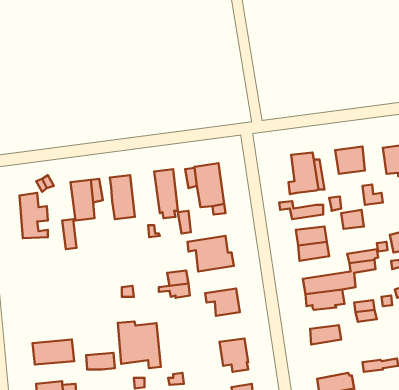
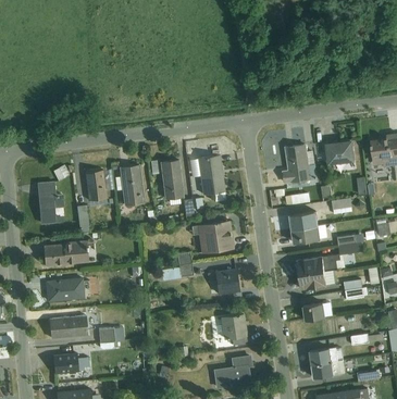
building: none -> [44,239,94,264]
building: none -> [47,278,85,301]
building: [118,322,161,368] -> none

